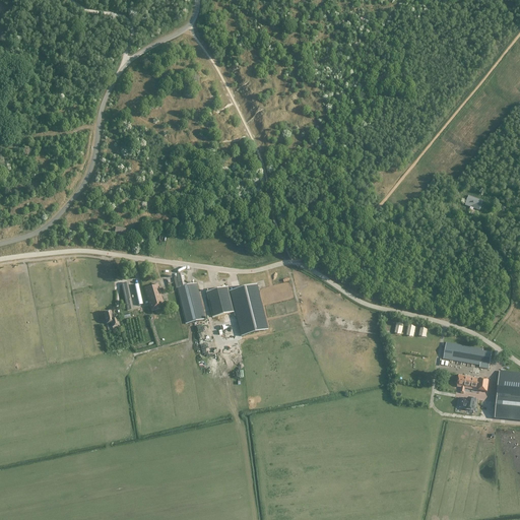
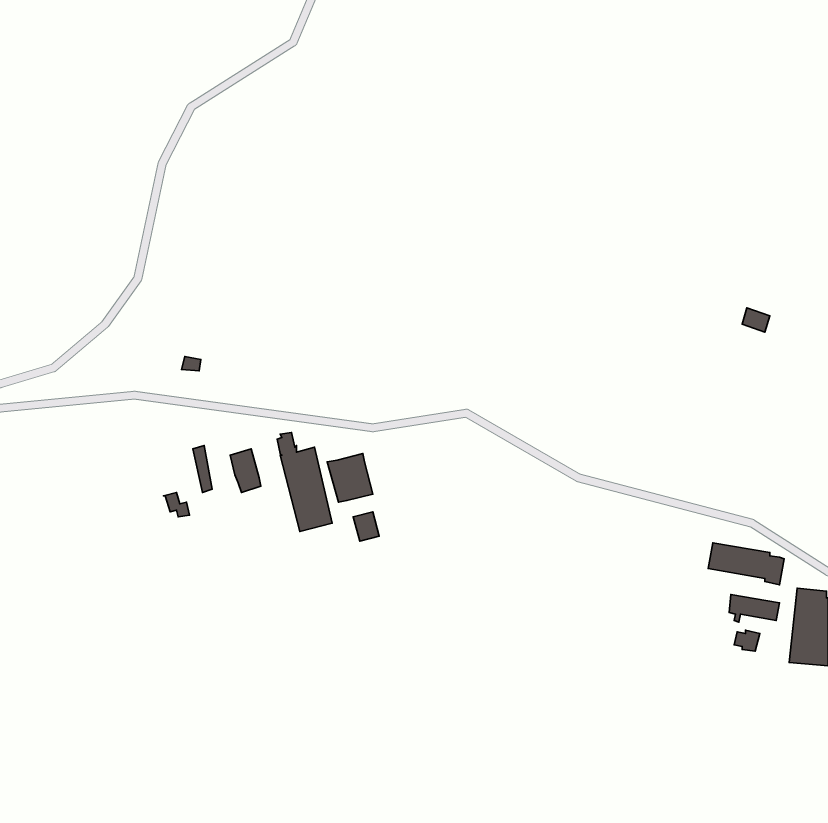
building: [229,282,267,333] -> none

